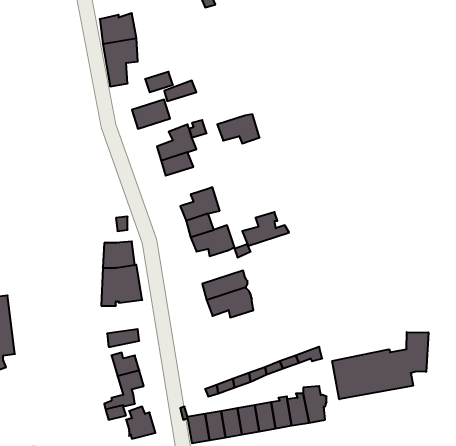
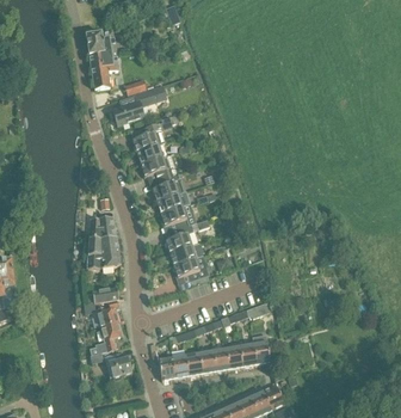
building: [217,114,260,143] -> [138,154,173,178]
building: [242,212,289,246] -> [164,223,202,251]
building: [332,332,428,399] -> none

